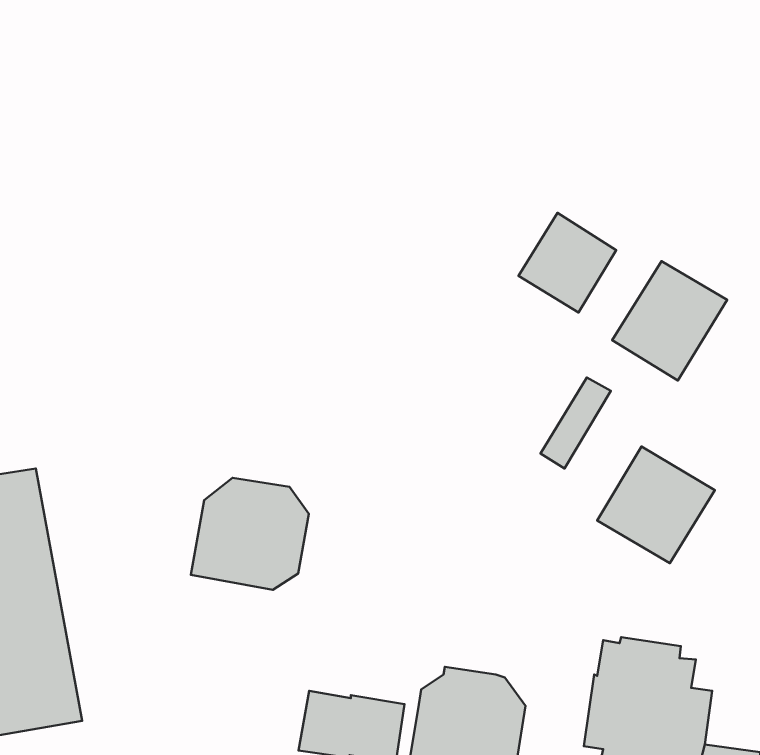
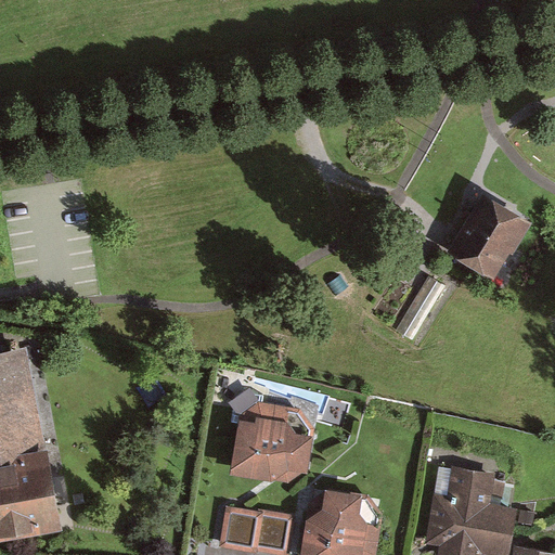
building: [519,213,616,313] -> none
building: [597,446,715,563] -> none
building: [191,478,309,590] -> [228,404,313,486]

